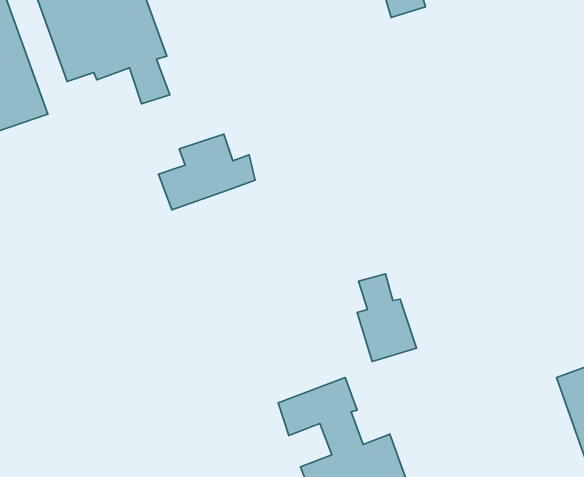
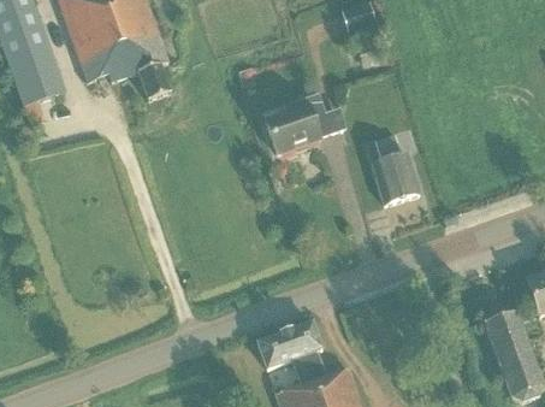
building: [158,134,255,210] -> [265,90,343,152]
building: [357,274,417,361] -> [371,131,419,202]

